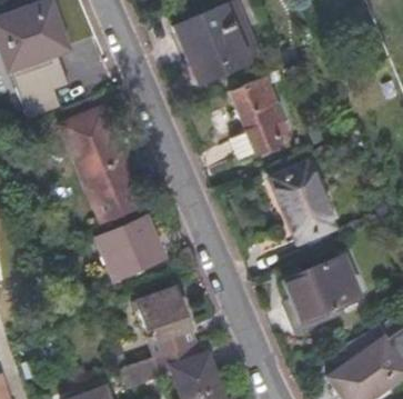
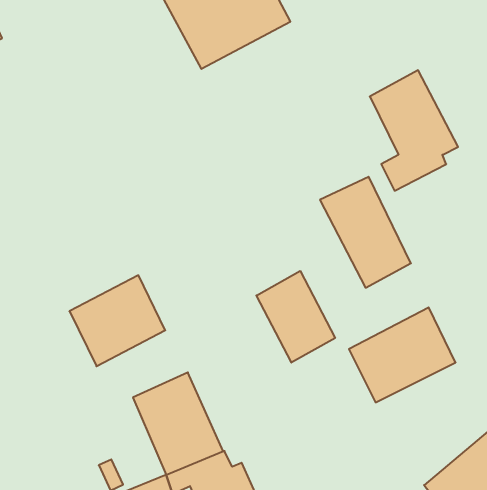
building: [232,76,290,157] -> [370,70,458,191]
building: [63,109,142,223] -> none
building: none -> [256,271,335,363]

